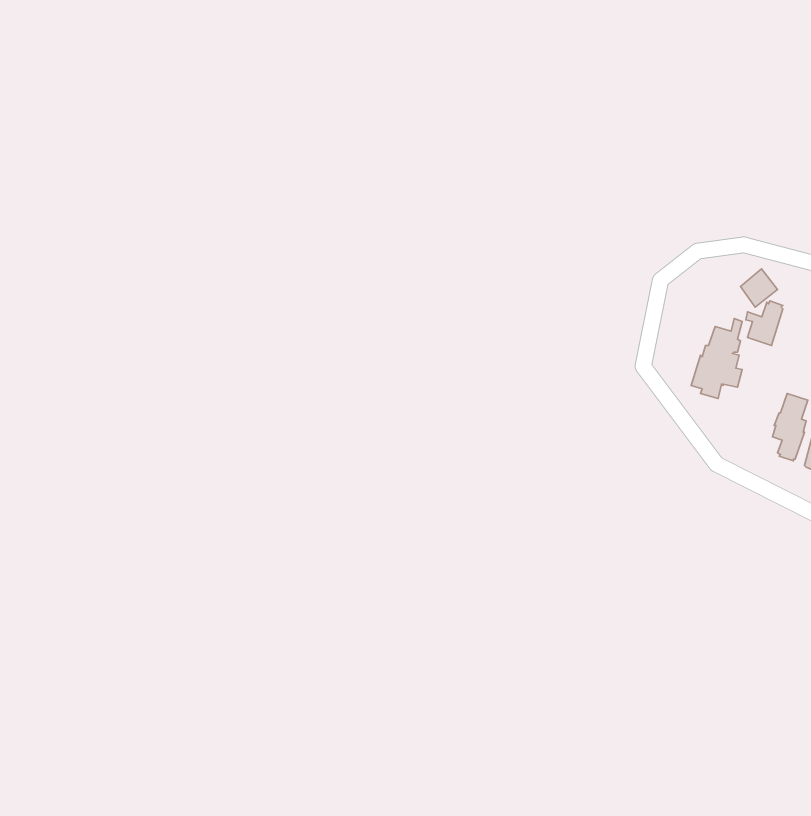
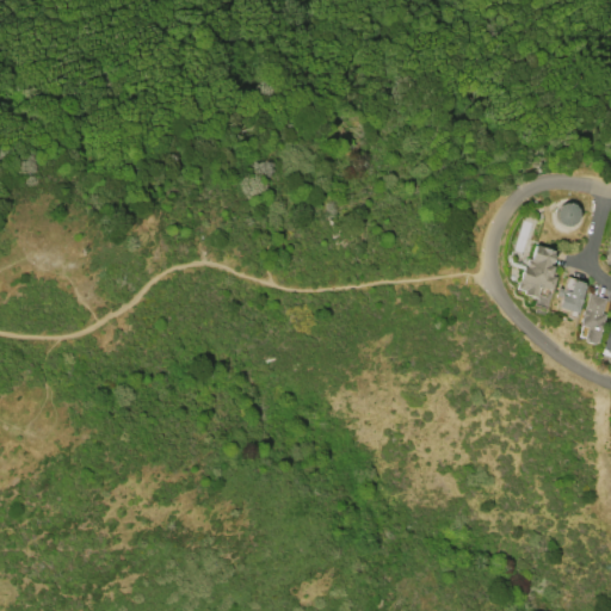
building: [746,301,783,345] -> [560,280,587,314]

